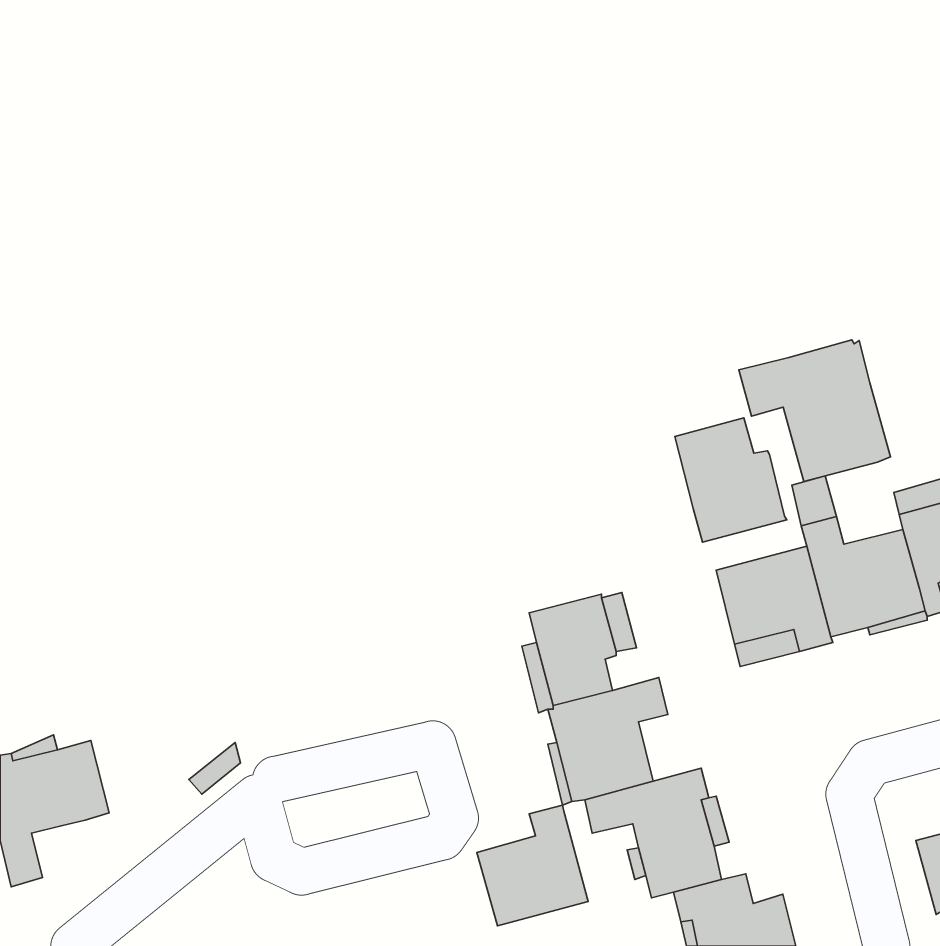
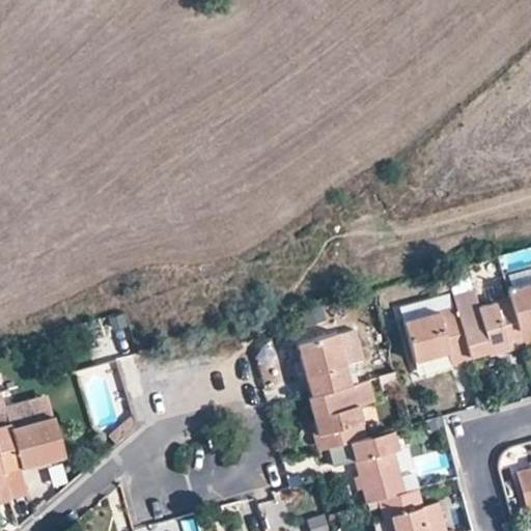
building: [739,340,891,481] -> none
building: [675,418,787,542] -> none
building: [477,805,588,926] -> none

